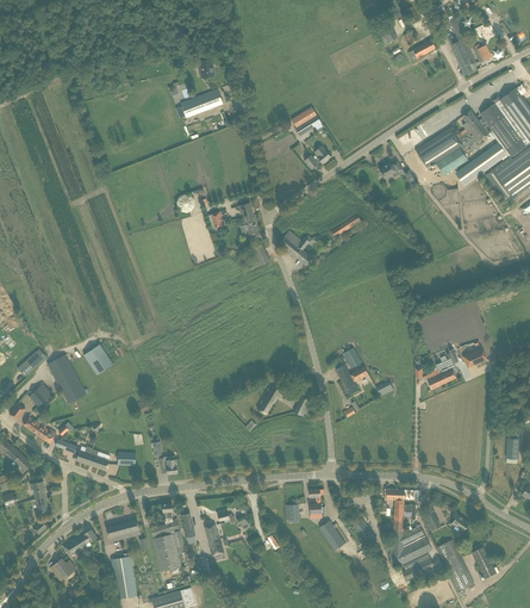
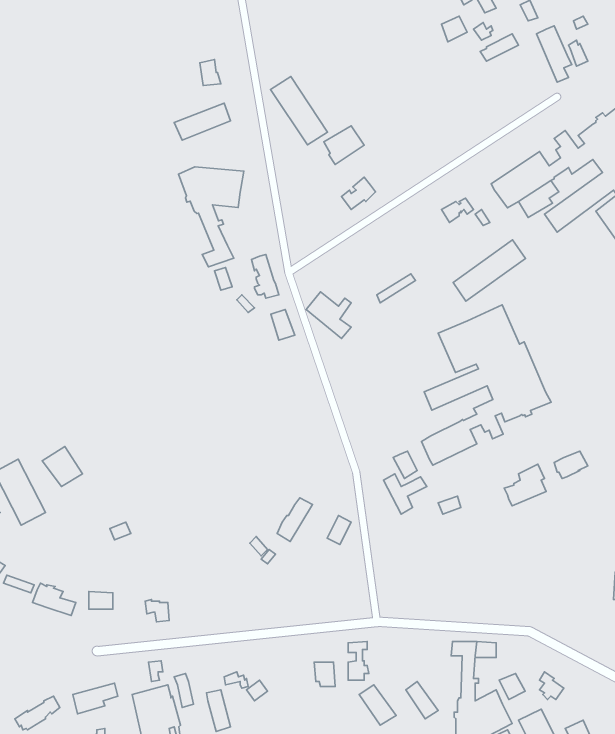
building: none -> [271,77,328,145]
building: none -> [179,167,244,267]
building: none -> [453,240,525,301]
building: none -> [422,305,551,465]

